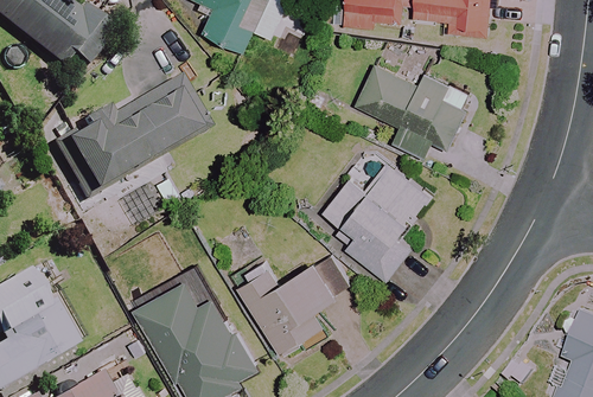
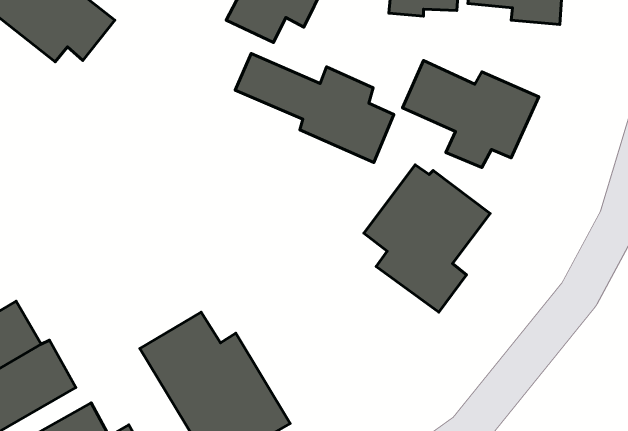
building: none -> [235,54,394,162]
building: [56,77,203,193] -> none
building: [234,252,350,357] -> none

